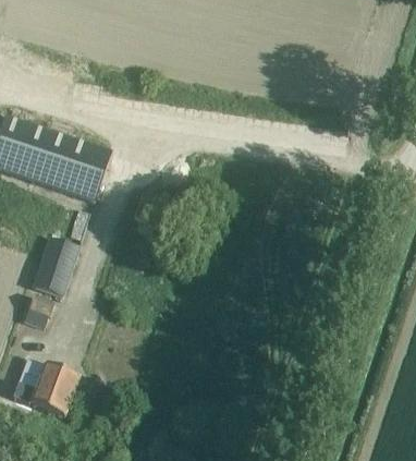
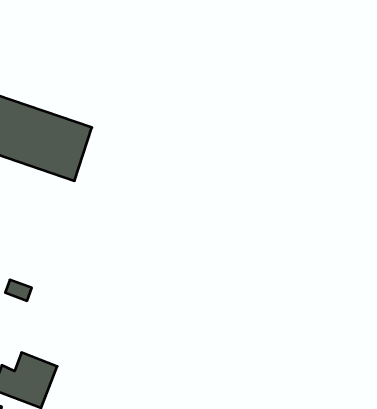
building: [32,238,78,296] -> none

